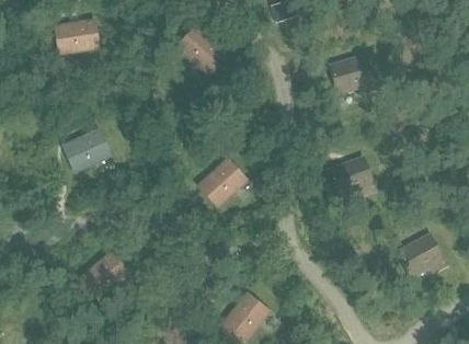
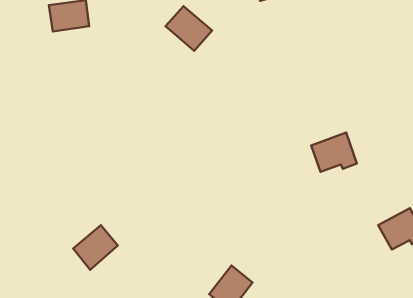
building: [329,55,374,93] -> none
building: [62,128,110,171] -> none
building: [198,159,245,205] -> none

